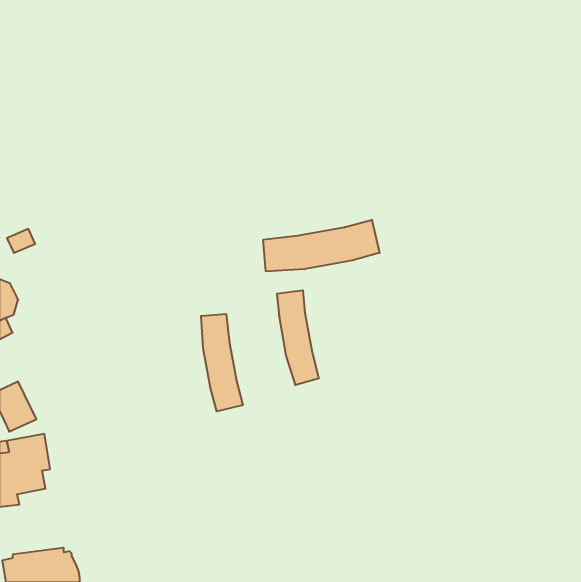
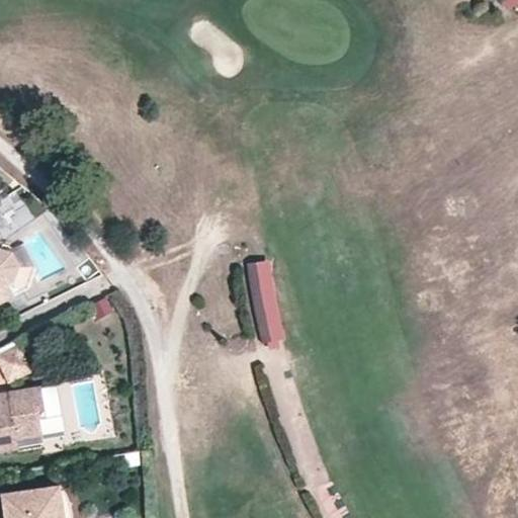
building: [263,220,380,271] -> none
building: [201,314,243,411] -> none

